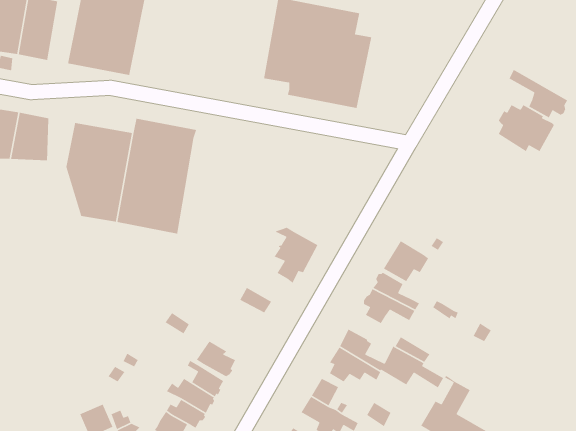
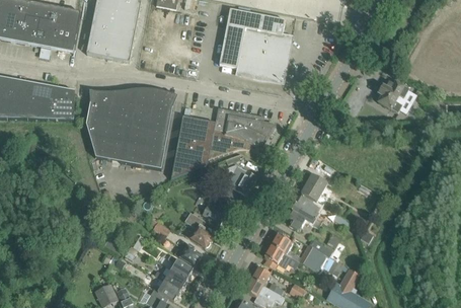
building: [508,69,568,119] -> none
building: none -> [169,106,274,178]
building: none -> [183,212,212,246]

